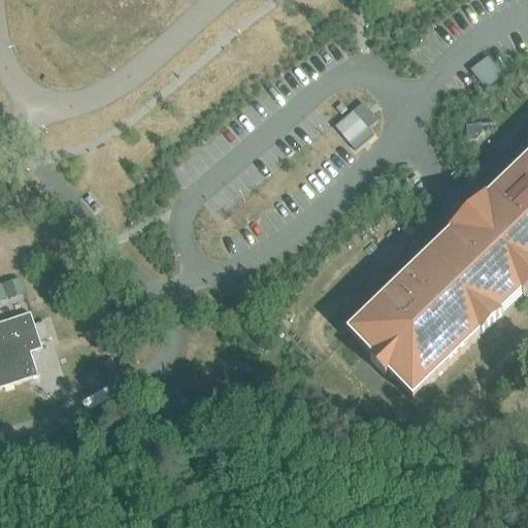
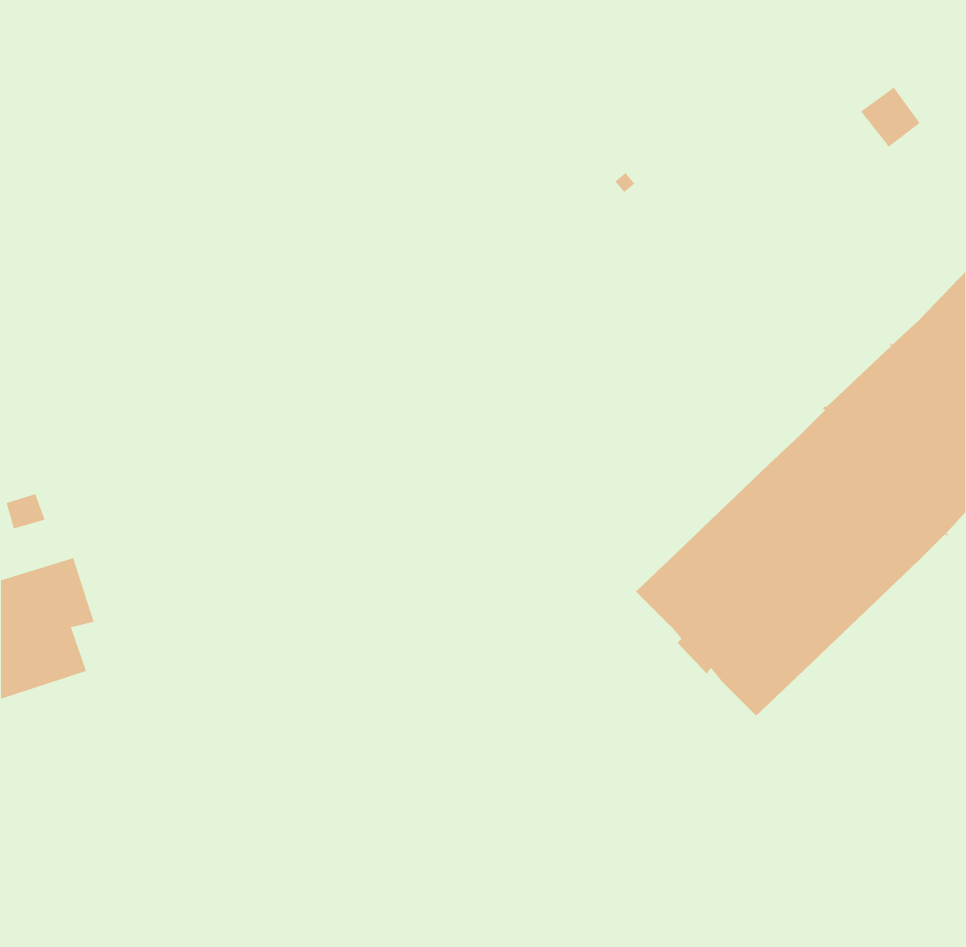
building: [334,102,372,141] -> none

